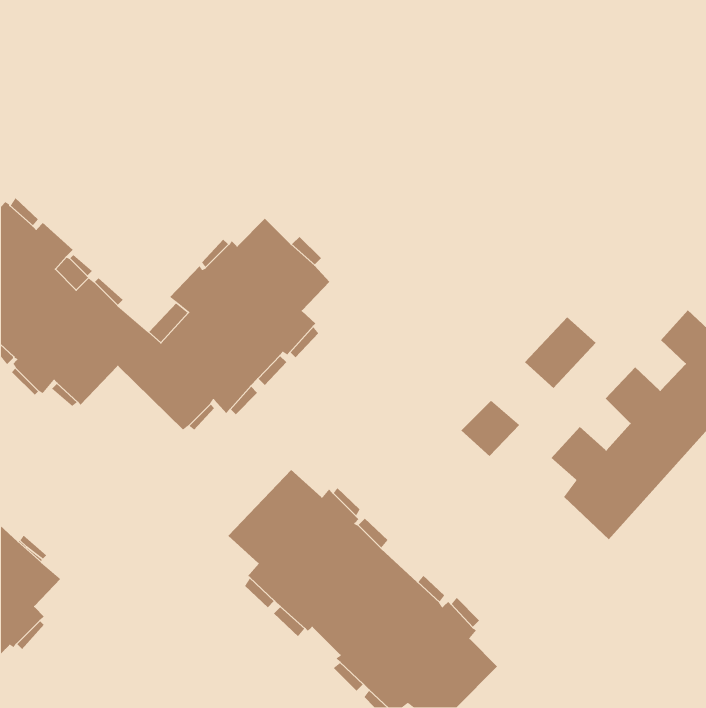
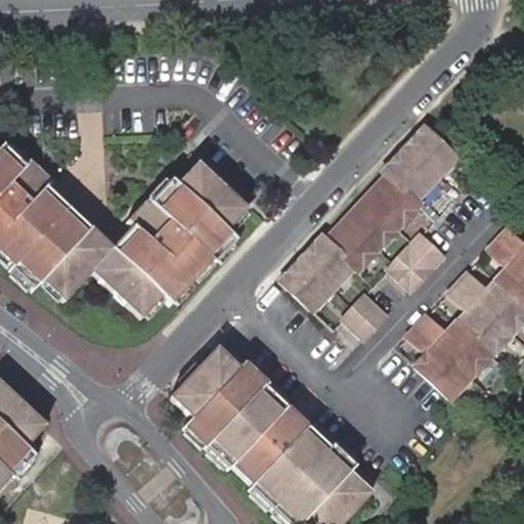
building: none -> [279,125,455,309]

